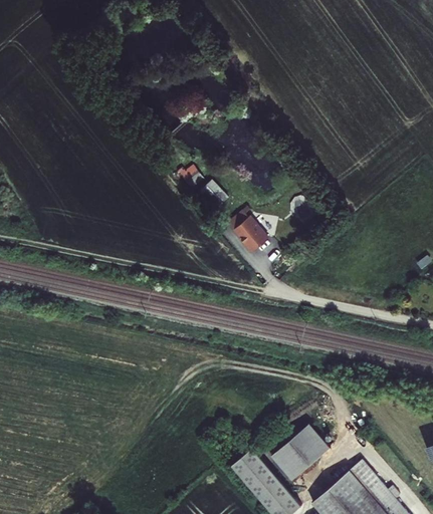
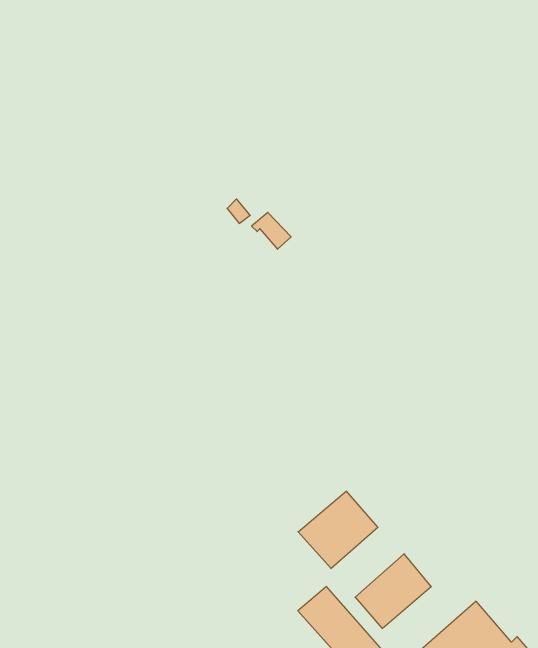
building: [227,204,266,245] -> none
building: none -> [298,491,378,569]

